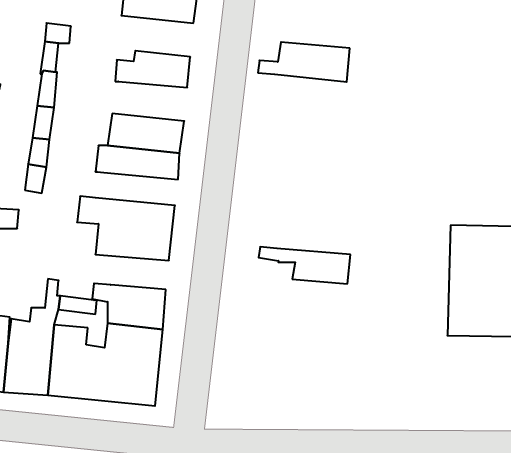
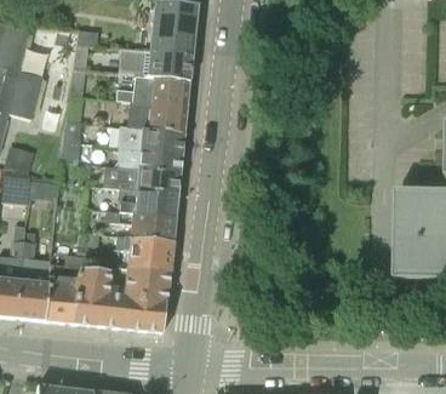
building: none -> [133,22,193,55]
building: [258,42,350,82] -> [115,74,188,105]
building: none -> [115,145,181,172]
building: [259,247,350,284] -> [101,210,173,239]

